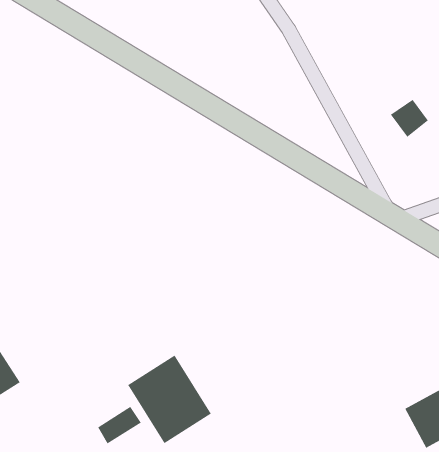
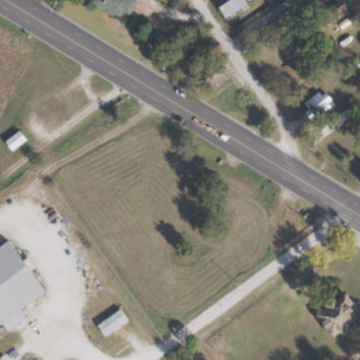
building: [127,355,212,444] -> none

